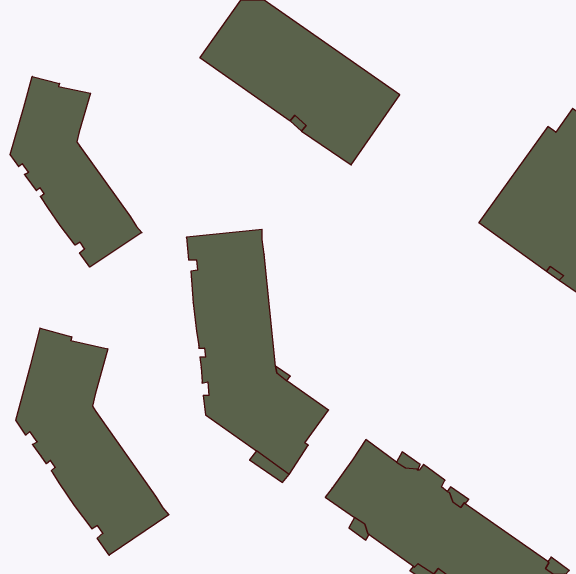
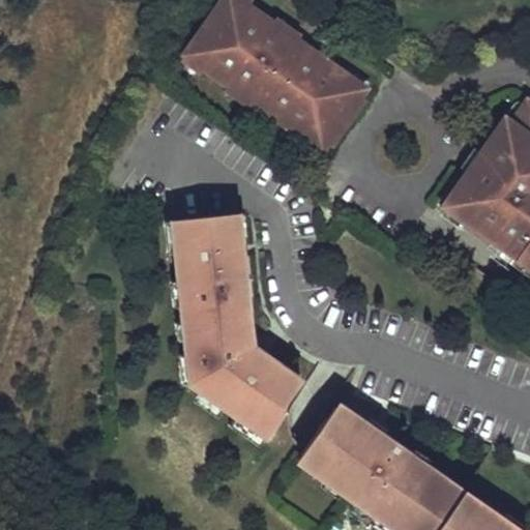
building: [10,76,142,267] -> none
building: [16,328,169,555] -> none

